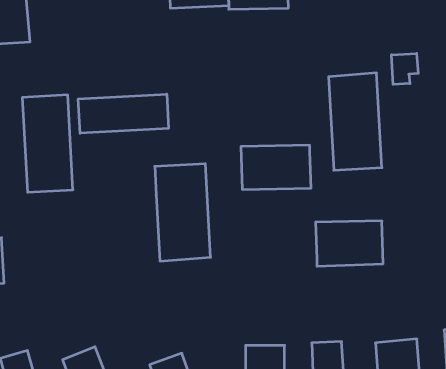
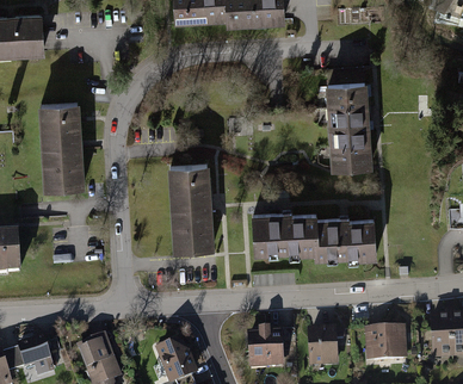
building: [392,53,418,84] -> none
building: [78,94,168,133] -> none
building: [241,145,311,189] -> [247,213,311,254]

